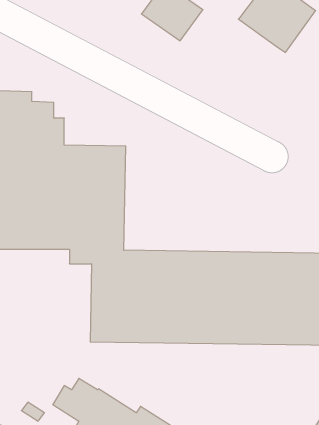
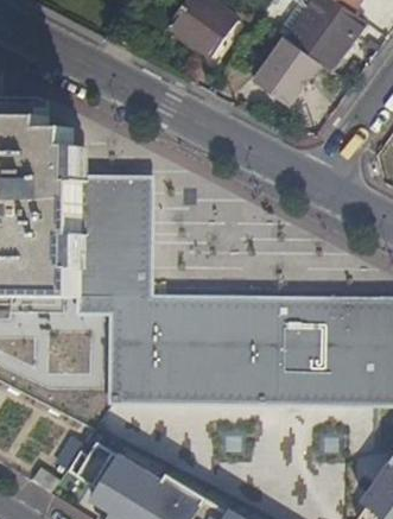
building: none -> [254,36,321,105]

